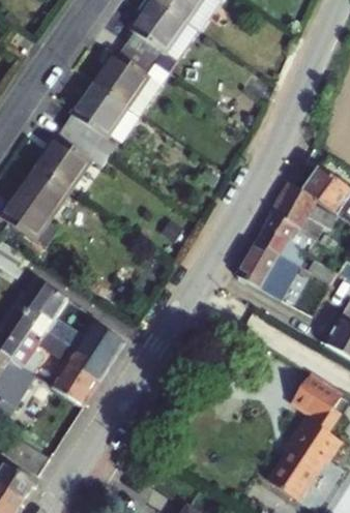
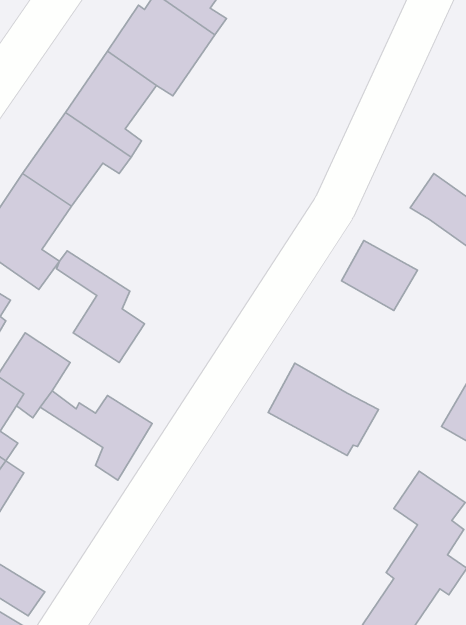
building: [270,180,336,229] -> none
building: [236,241,313,305] -> [268,363,378,456]
building: [38,329,99,406] -> [57,251,145,363]

